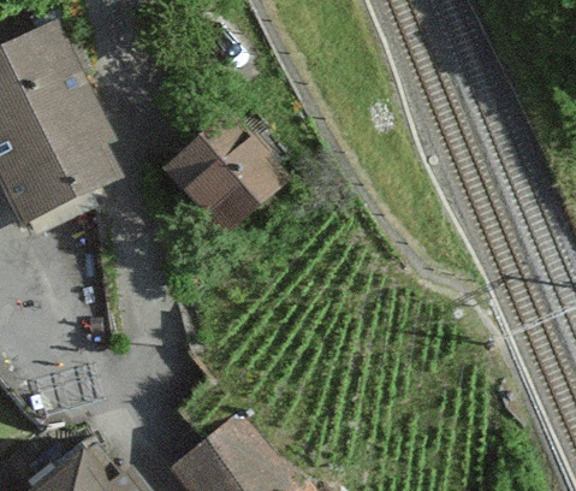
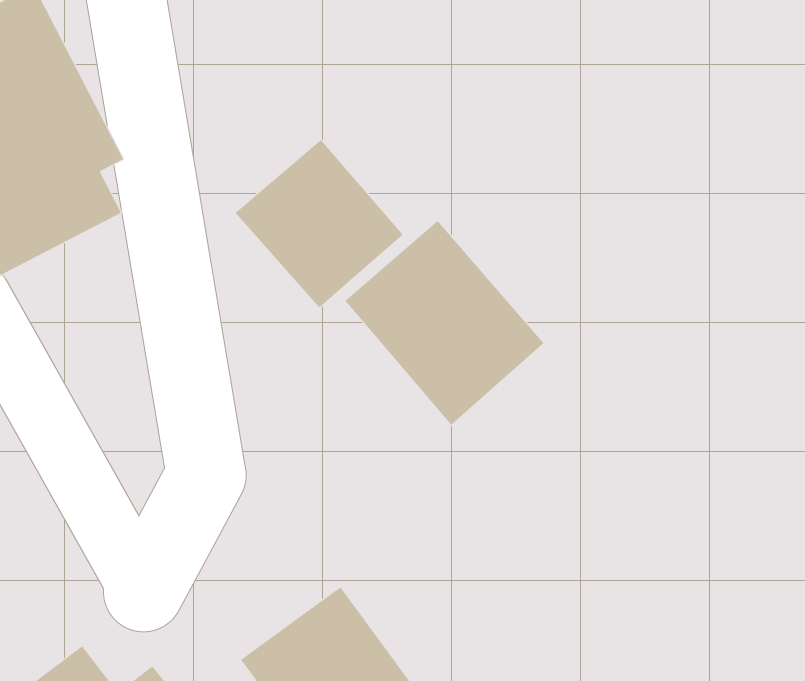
building: none -> [345,220,544,426]

